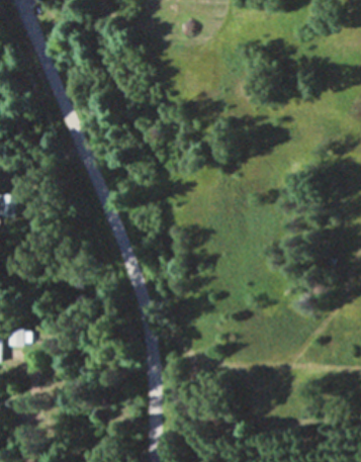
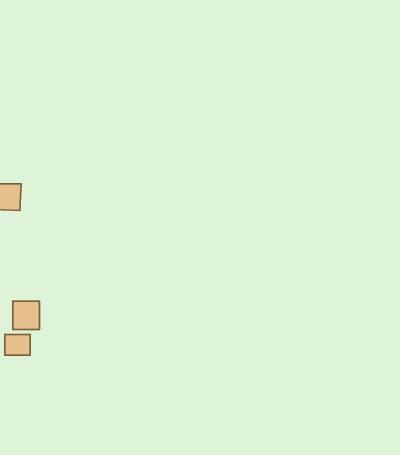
building: none -> [13,301,39,329]

